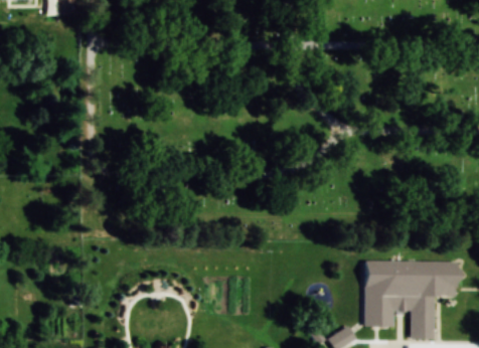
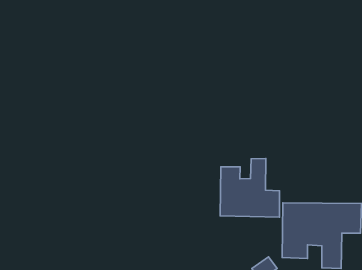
building: none -> [220,159,280,217]

